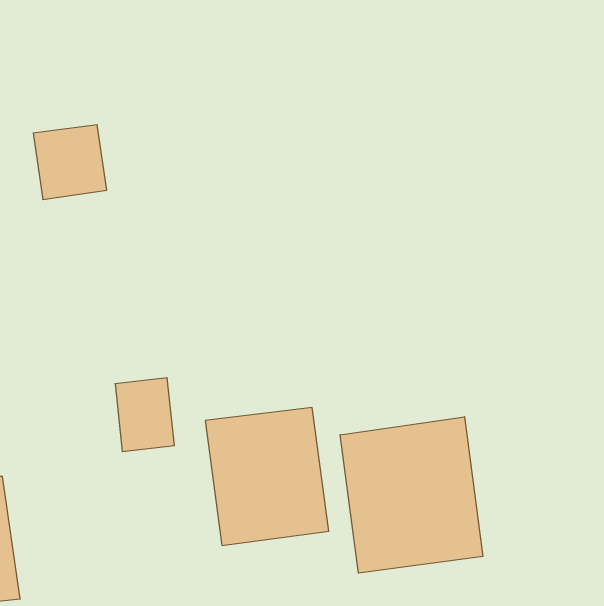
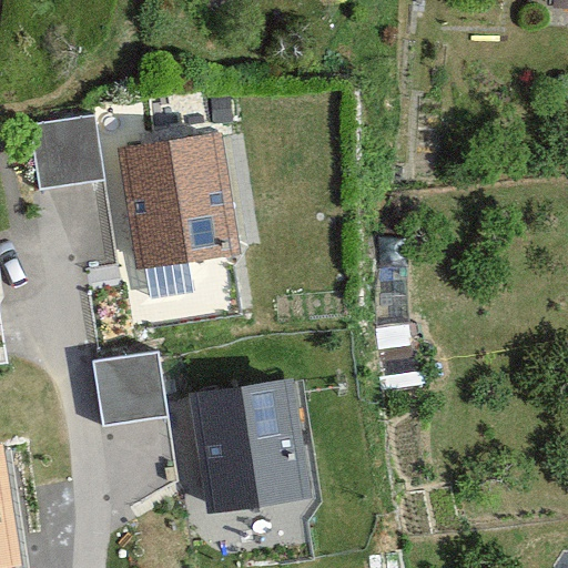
building: none -> [120,134,236,267]
building: [340,417,483,573] -> none

